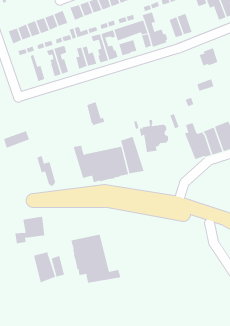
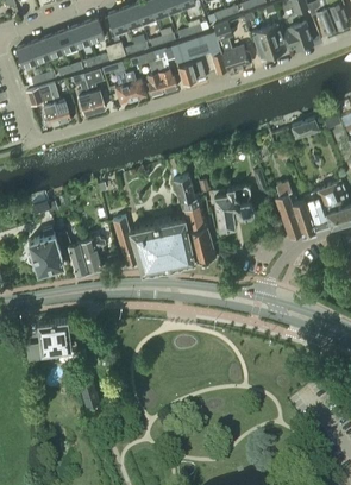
building: [199,47,218,66] -> [283,21,312,49]
building: none -> [26,84,61,125]
building: [86,102,105,126] -> [173,172,200,208]
building: none -> [26,226,63,271]
building: none -> [79,233,105,269]
building: [71,234,121,284] -> none
building: [34,251,56,283] -> none

